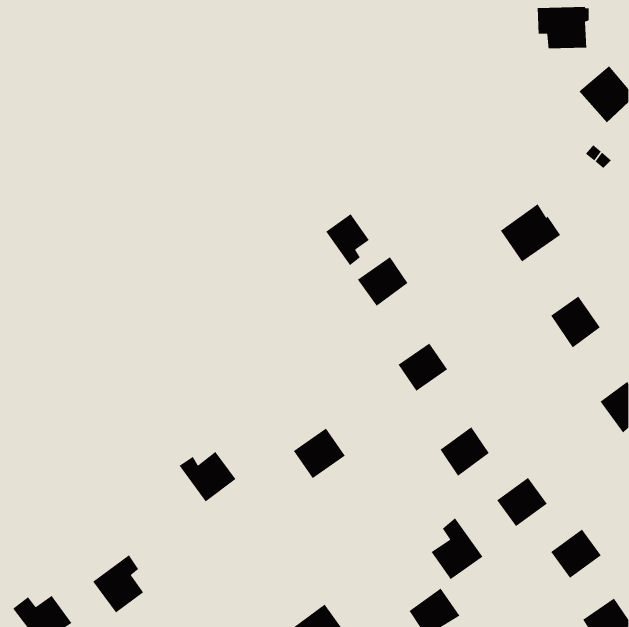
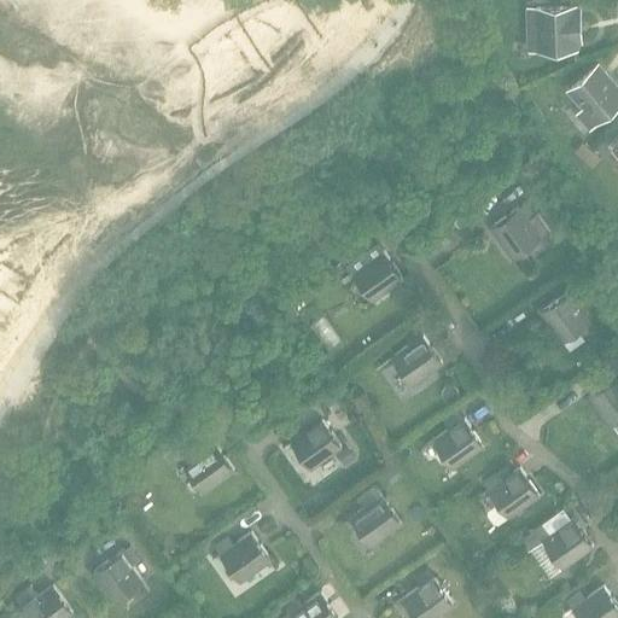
building: [325,213,370,266] -> none
building: [431,517,484,580] -> [348,486,400,548]
building: none -> [212,534,268,583]

